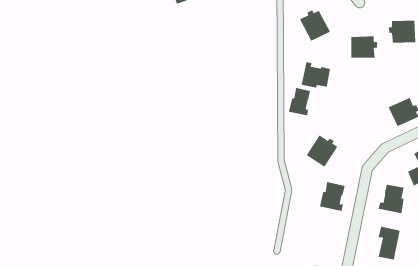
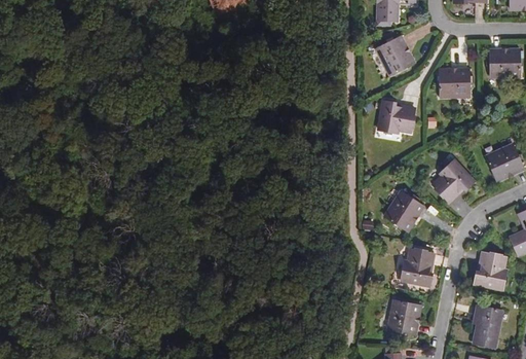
building: [288,87,310,116] -> none
building: none -> [433,159,475,201]
building: none -> [388,299,421,336]

